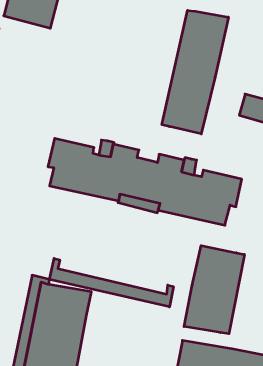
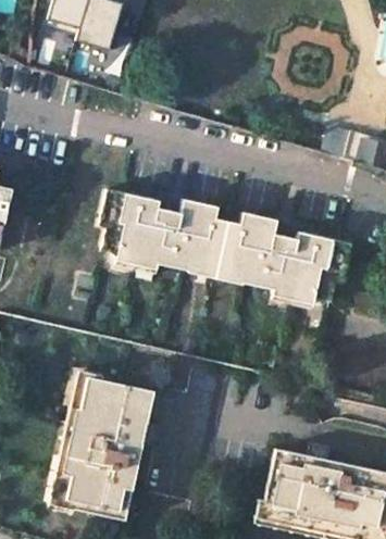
building: [162,10,228,134] -> none
building: [184,246,244,334] -> none
building: [50,258,173,307] -> none

